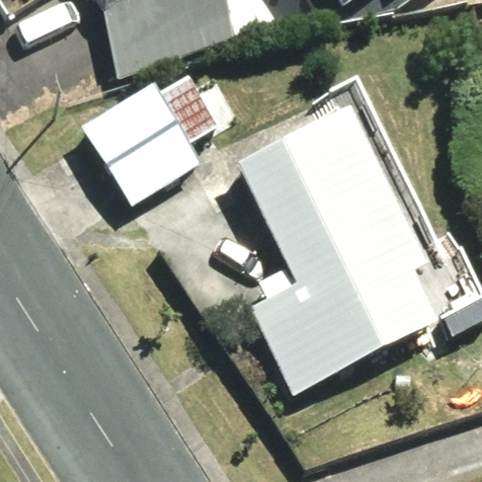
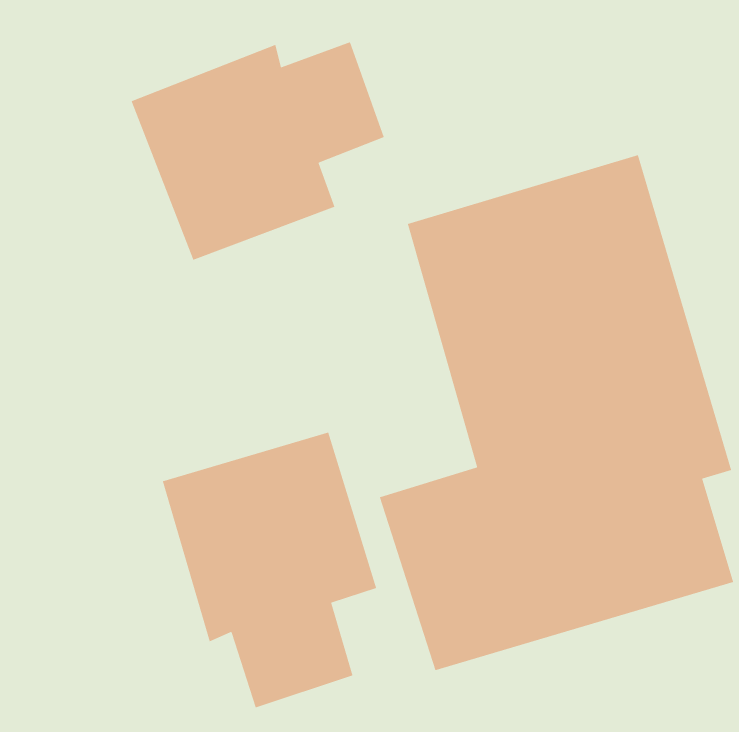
building: none -> [162,431,377,708]

